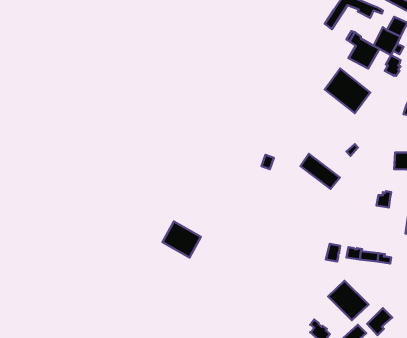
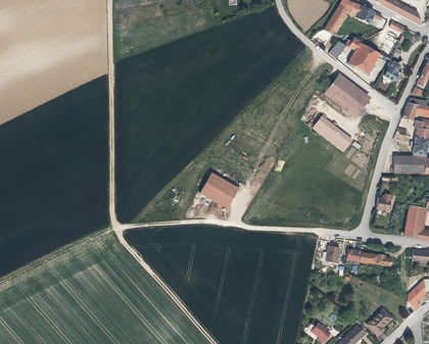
building: [301,154,340,189] -> [314,115,352,150]
building: [163,221,201,258] -> [200,171,238,207]
building: [328,281,368,320] -> none

